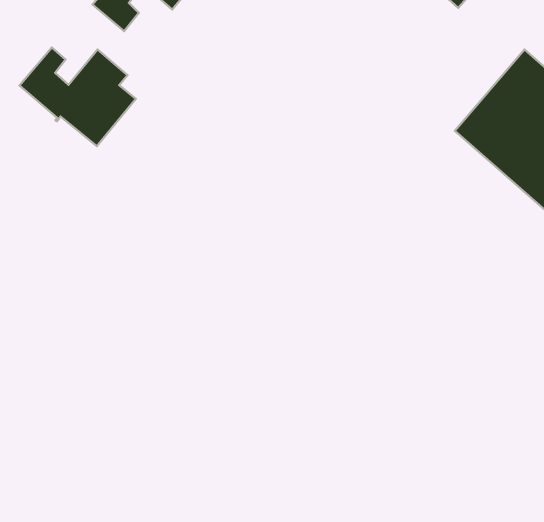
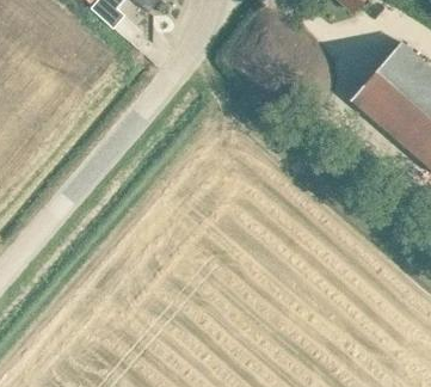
building: [20,47,136,146] -> none

